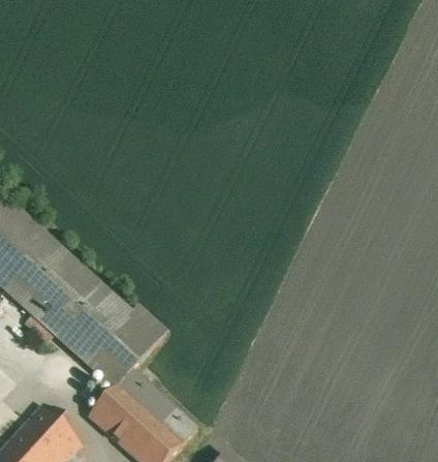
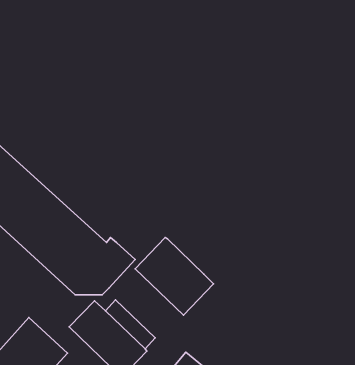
building: none -> [135,238,213,315]

